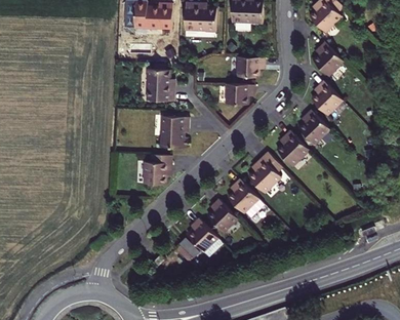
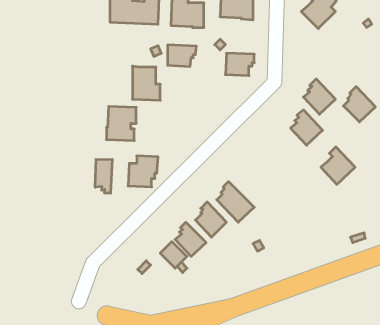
building: [313,42,344,76] -> [343,87,375,122]
building: [226,84,253,105] -> [168,45,196,66]
building: [159,116,188,149] -> [106,106,136,141]
building: [276,130,309,166] -> [321,147,355,184]
building: [248,152,282,193] -> none
building: none -> [95,159,112,193]

